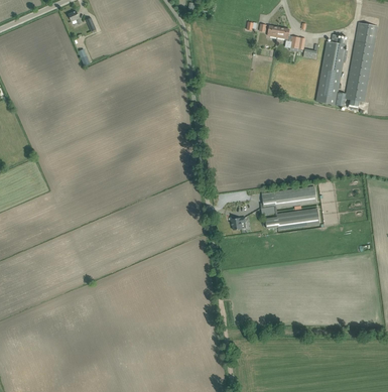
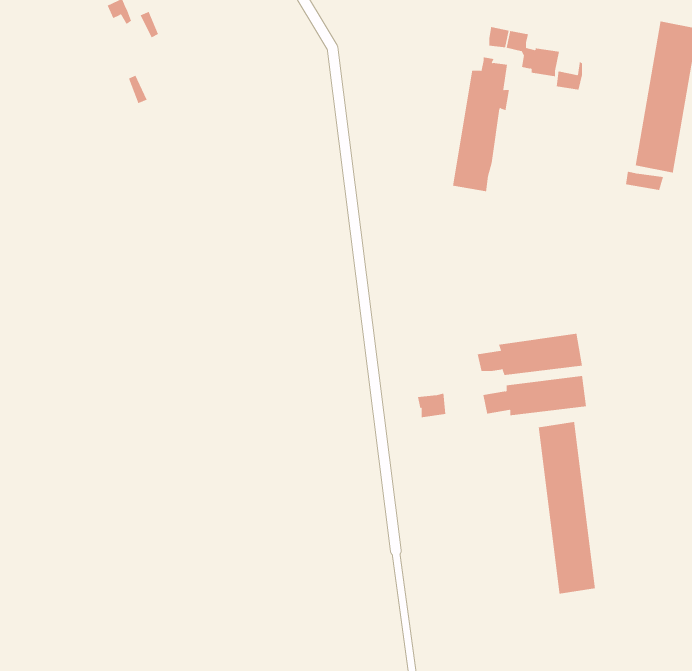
building: [315,34,346,105] -> [452,57,510,192]
building: none -> [538,421,596,595]

